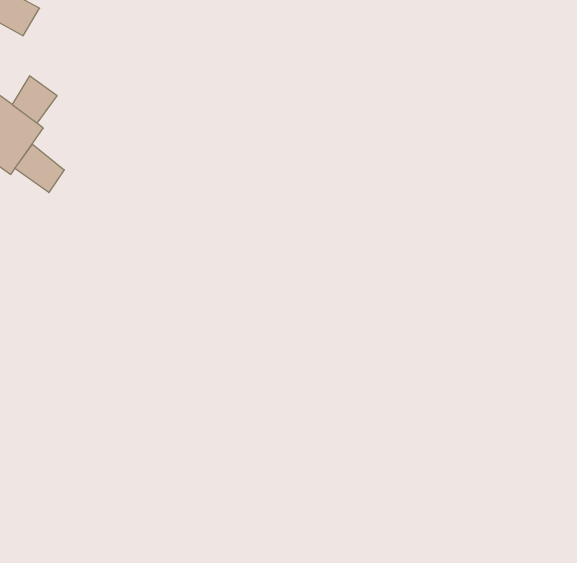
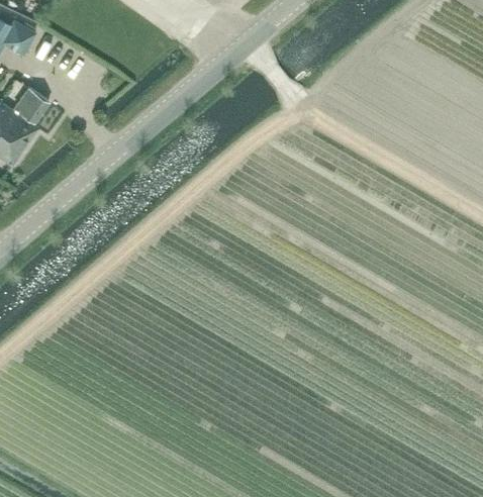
building: [15,144,64,193] -> none

